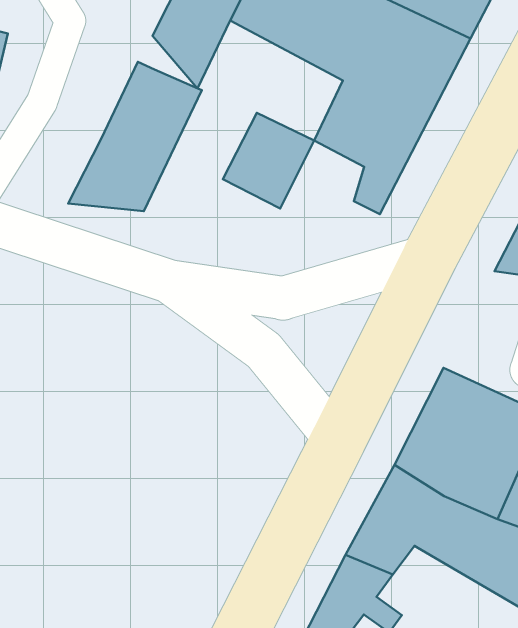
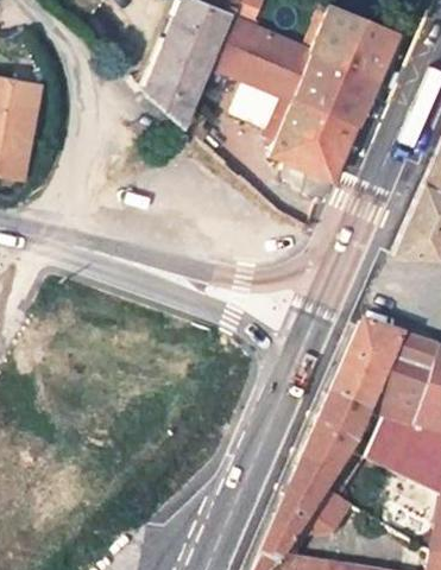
building: [68,62,202,211] -> none
building: [223,113,314,209] -> none

